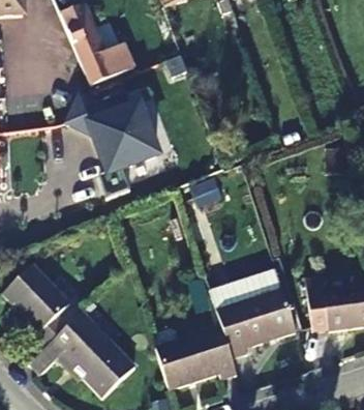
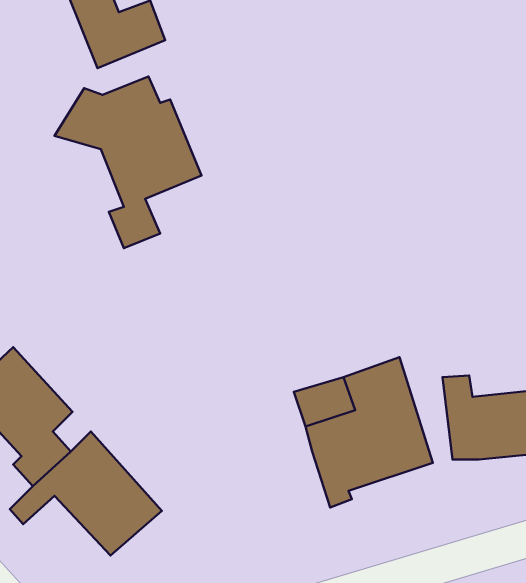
building: [156,325,240,387] -> none

